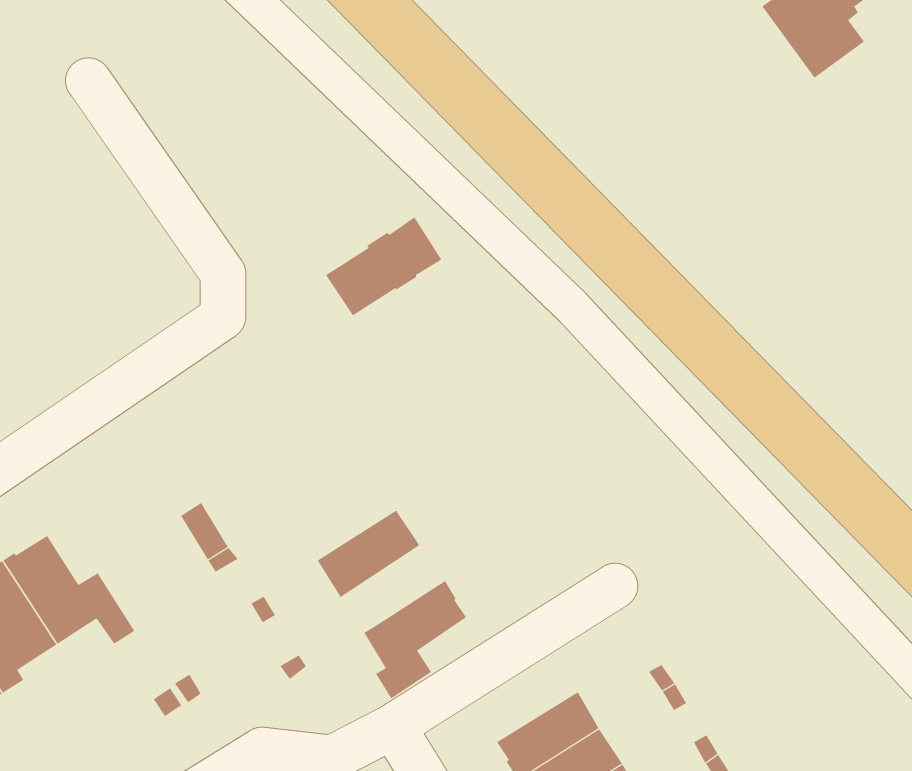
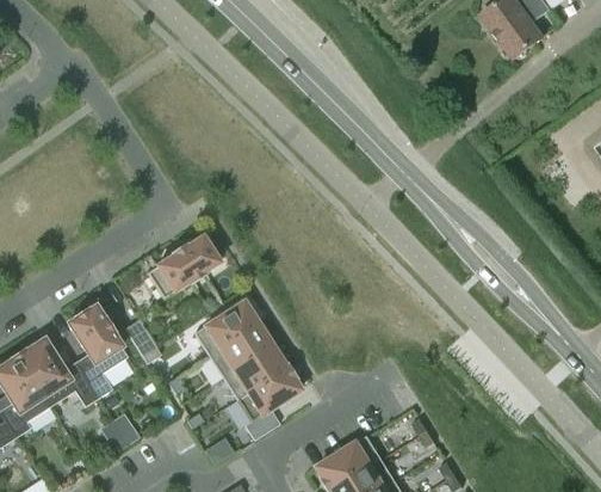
building: [325,217,442,316] -> [145,238,217,299]
building: none -> [193,302,256,356]
building: none -> [67,307,126,399]
building: none -> [222,346,286,400]

